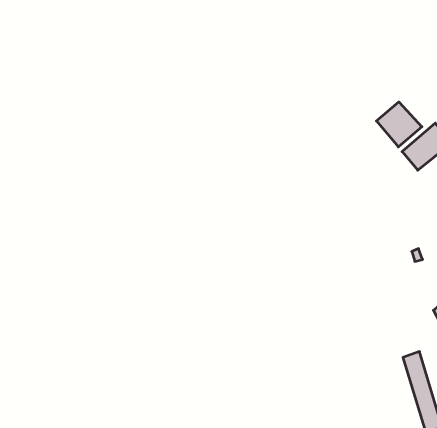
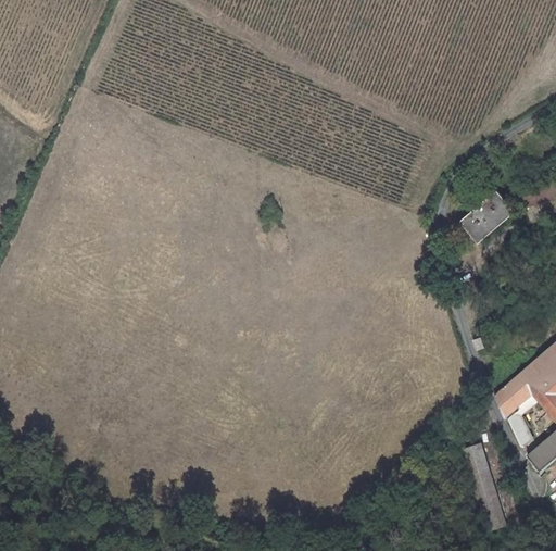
building: [376,102,422,147] -> none

